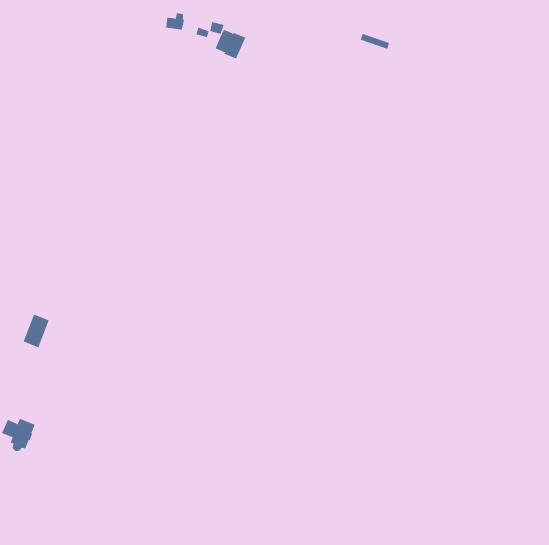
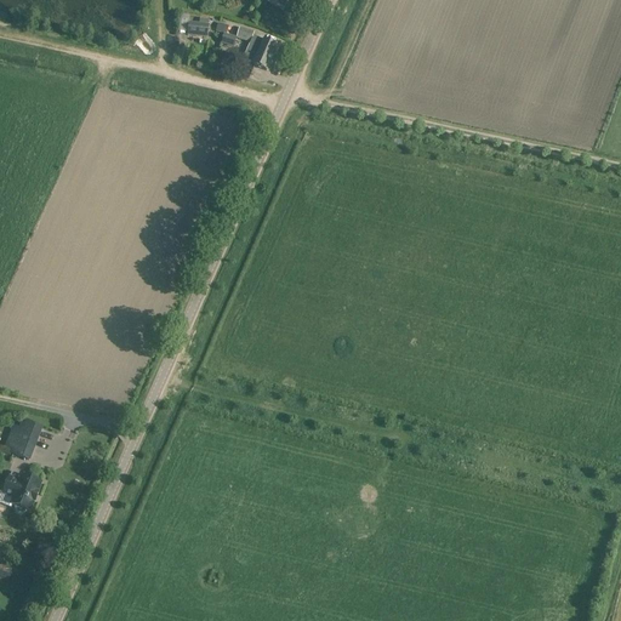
building: [23,314,50,348] -> [10,417,40,456]

